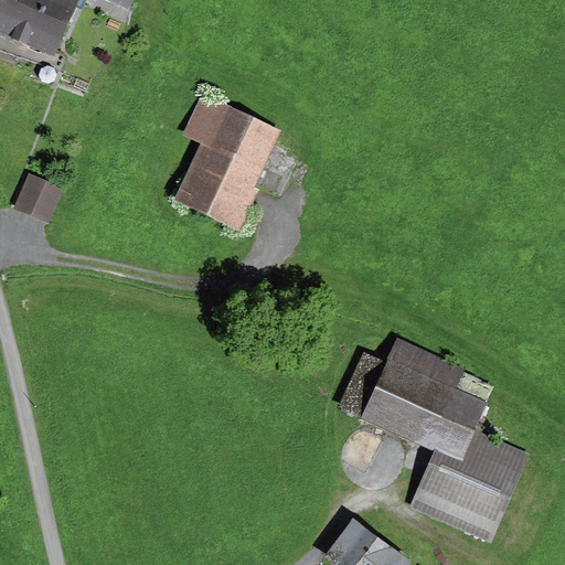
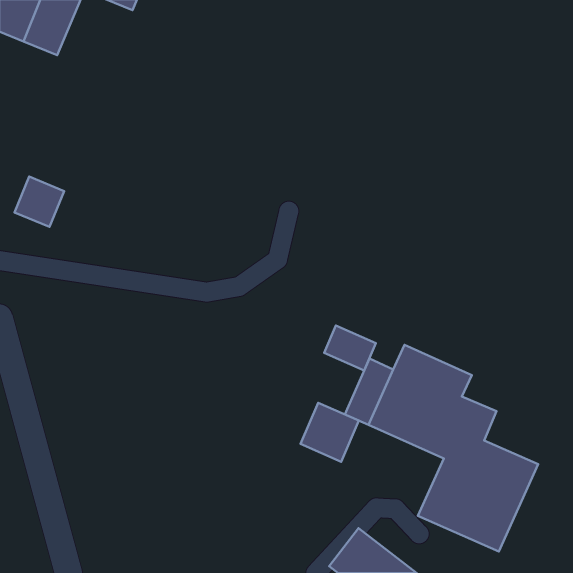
building: [173,93,280,231] -> none
building: none -> [324,325,376,371]
building: none -> [301,403,359,462]

